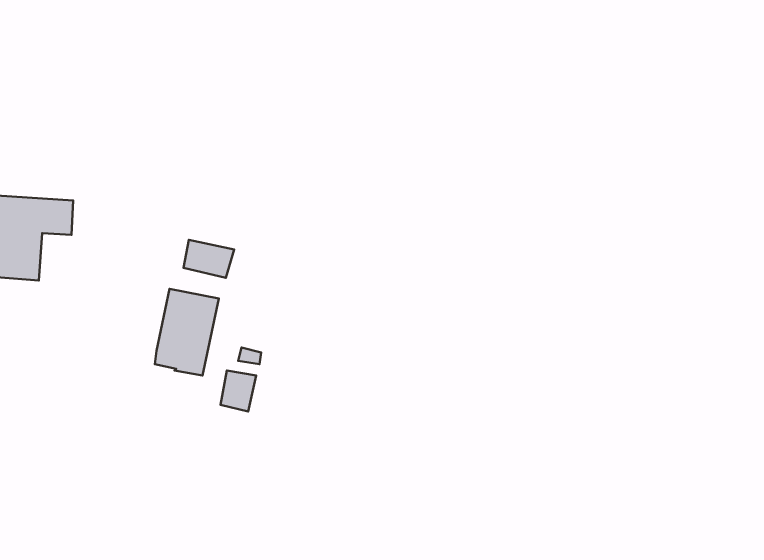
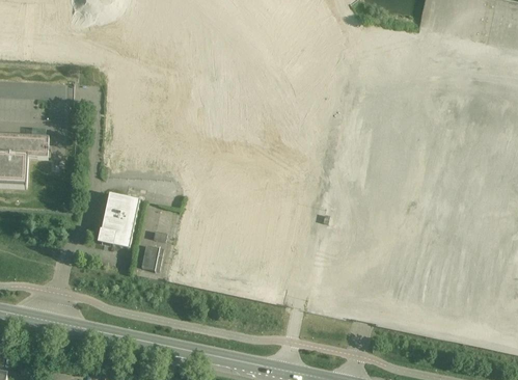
building: [183,240,234,278] -> none

